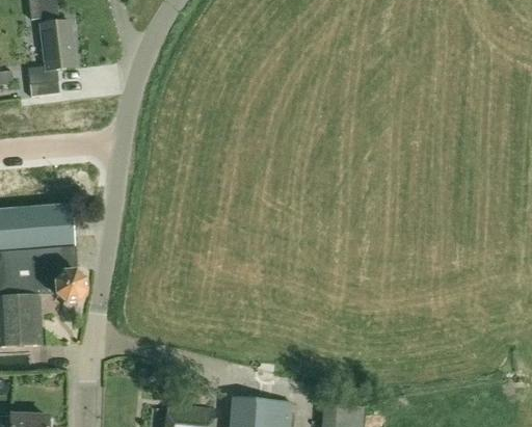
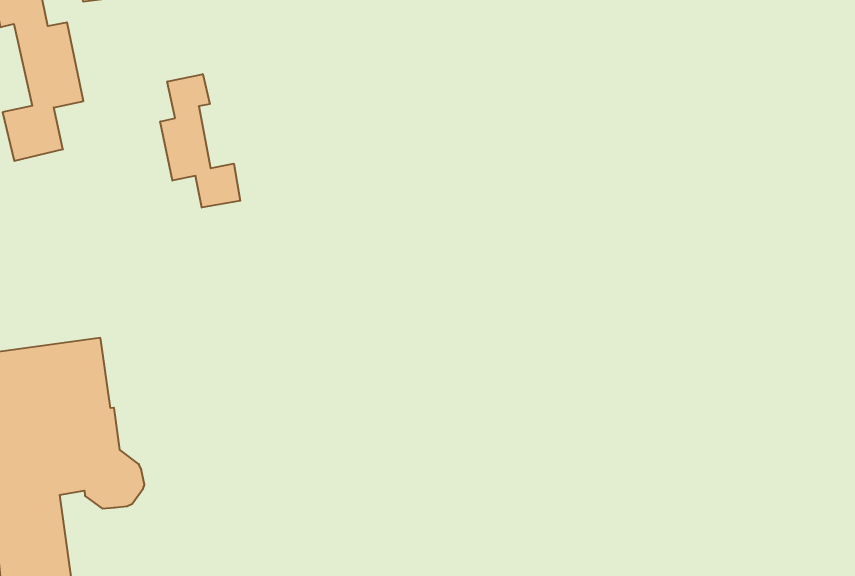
building: none -> [160,74,240,208]

